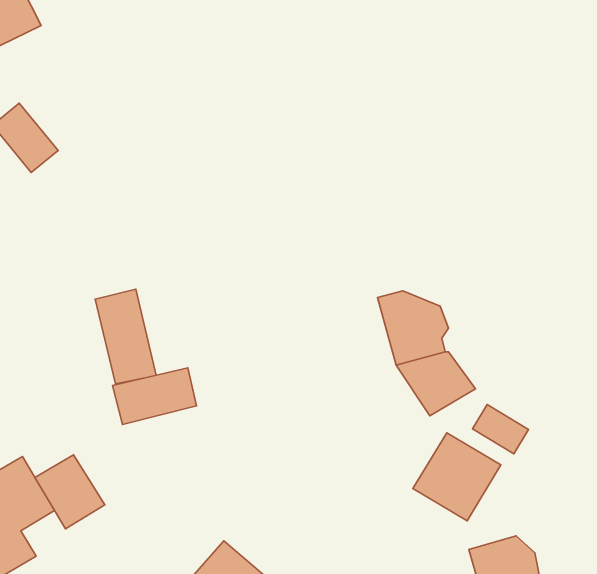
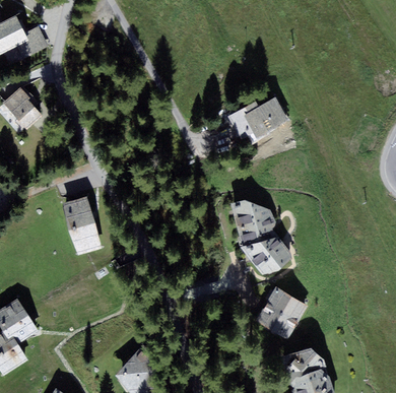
building: none -> [229,100,286,138]
building: [112,368,196,425] -> none
building: [472,405,528,454] -> none
building: [35,455,105,529] -> none

